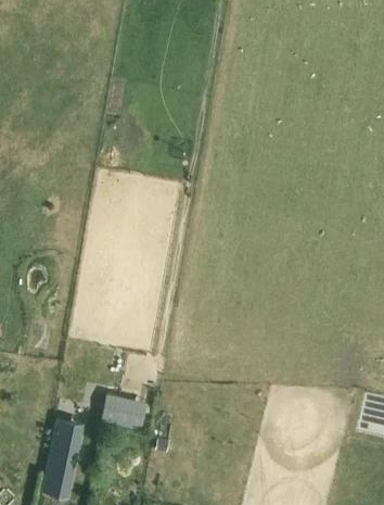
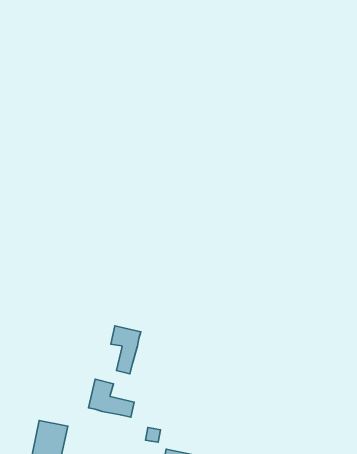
building: none -> [111,326,141,374]

